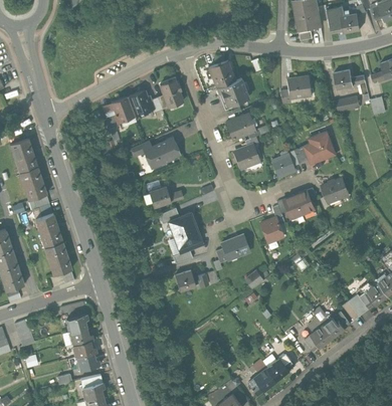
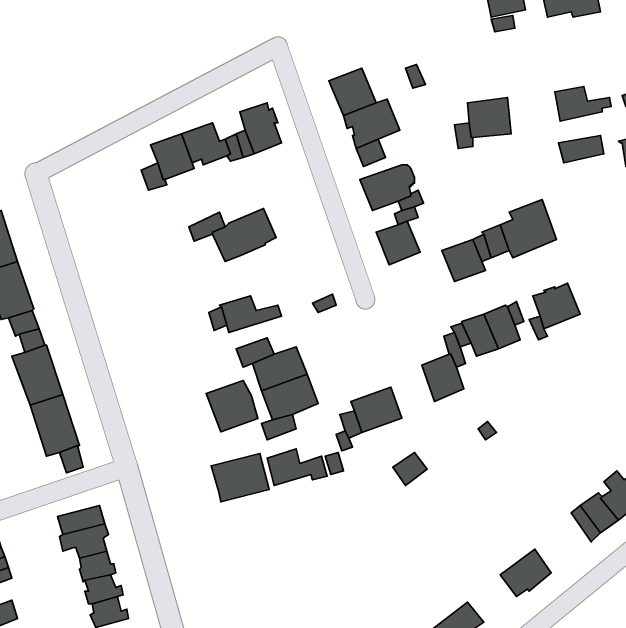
building: none -> [206,380,258,432]
building: none -> [211,454,269,502]
building: [323,312,350,339] -> none

